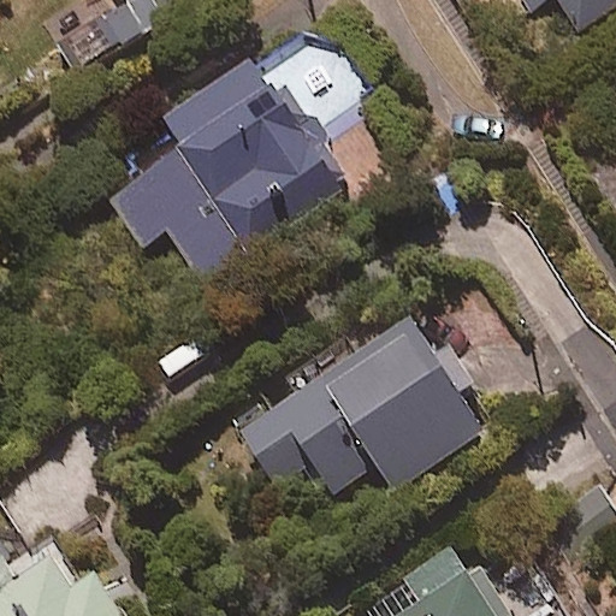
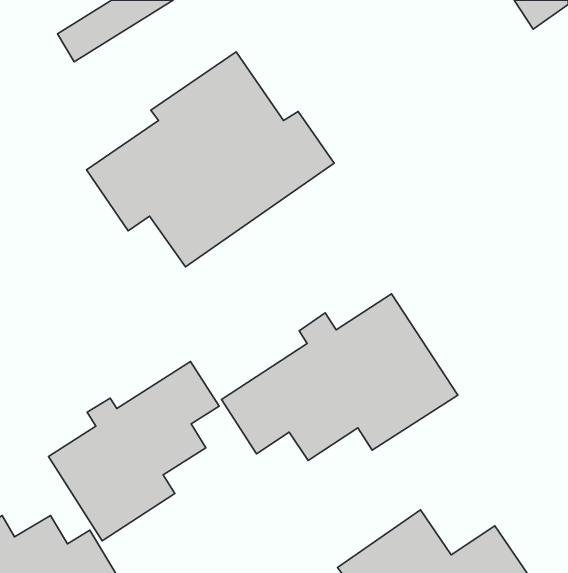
building: none -> [49,362,219,541]

